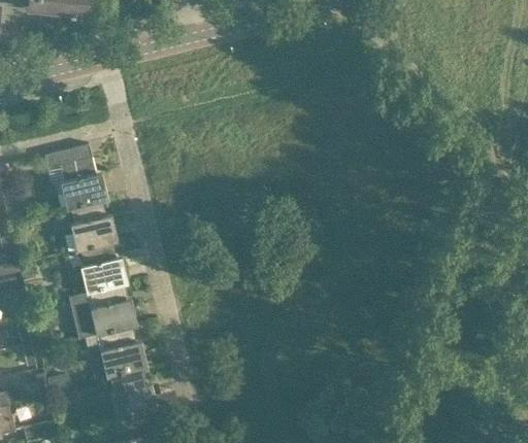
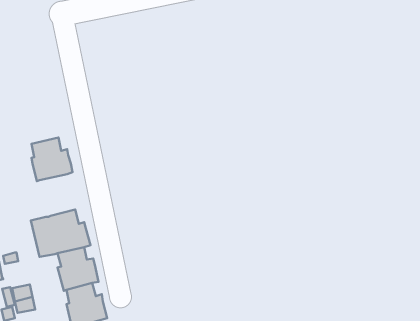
building: [44,145,106,209] -> none
building: [78,243,127,293] -> none

